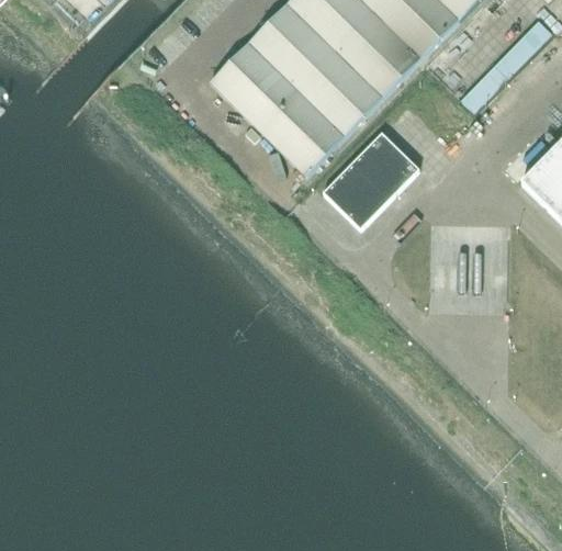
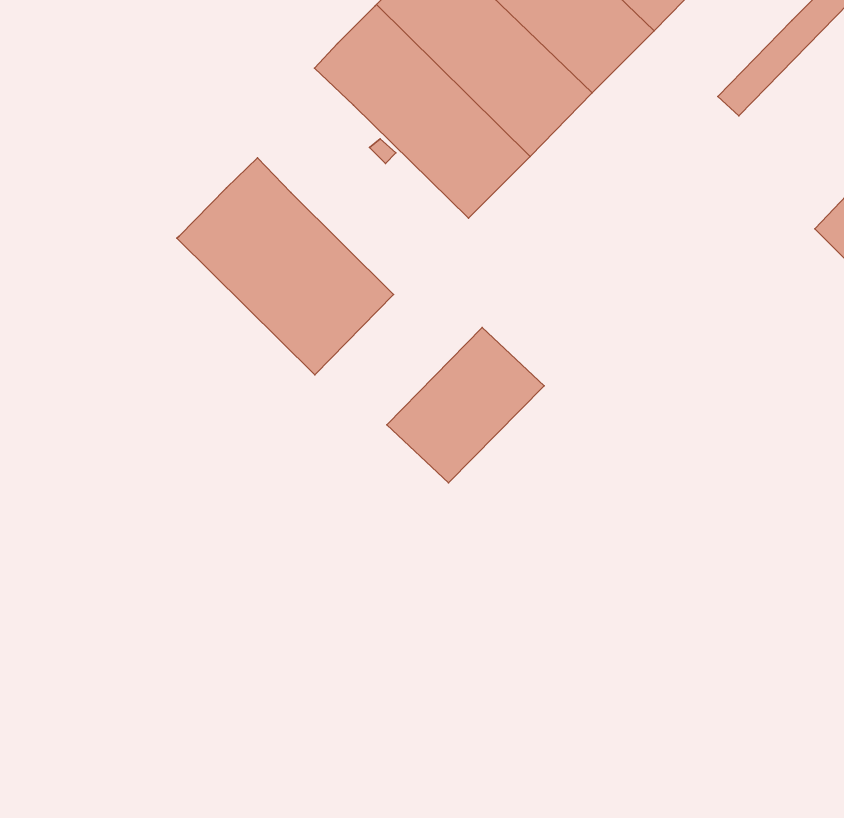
building: [323,133,420,229] -> [387,327,544,483]
building: none -> [177,158,394,375]

